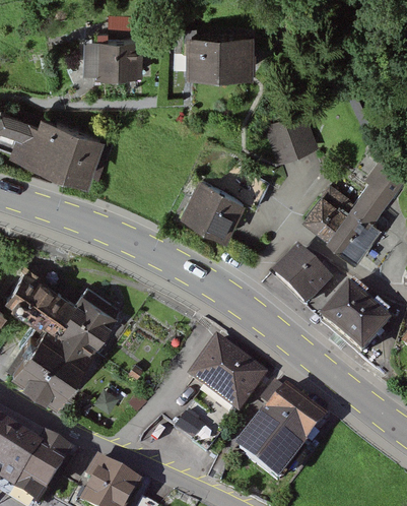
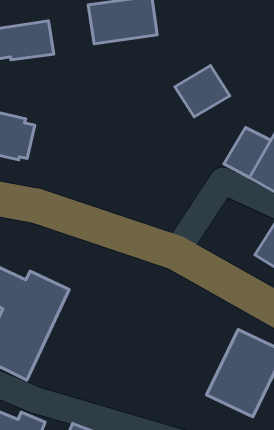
building: [182,169,270,236] -> none
building: [271,244,334,304] -> none
building: [191,339,275,420] -> none

